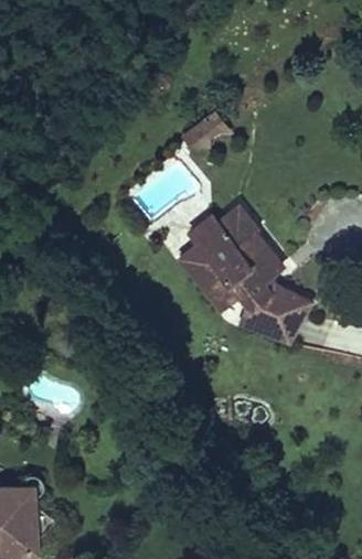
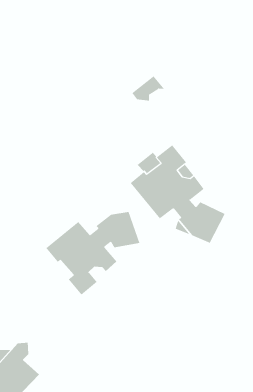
building: none -> [46,211,140,295]

